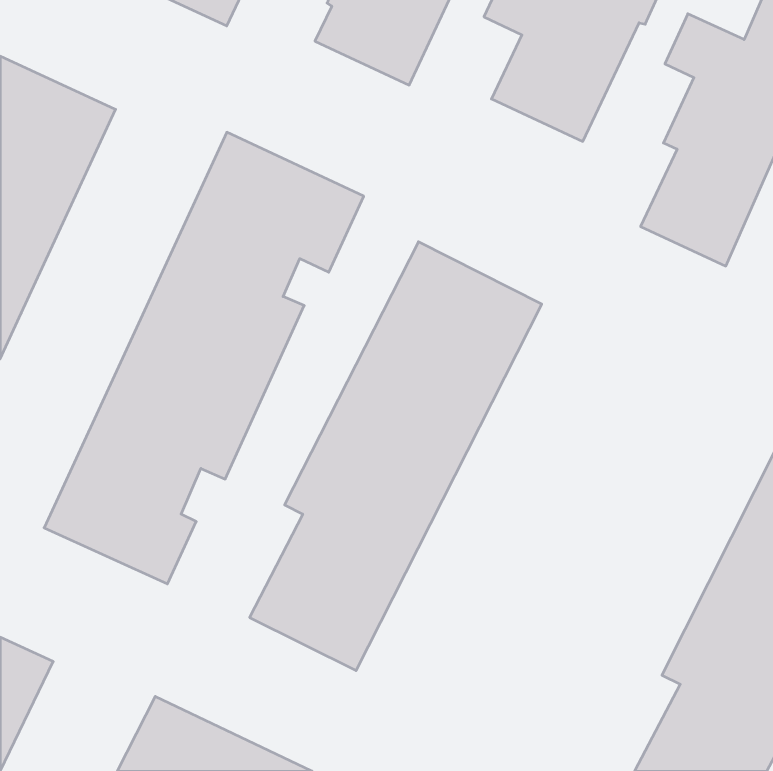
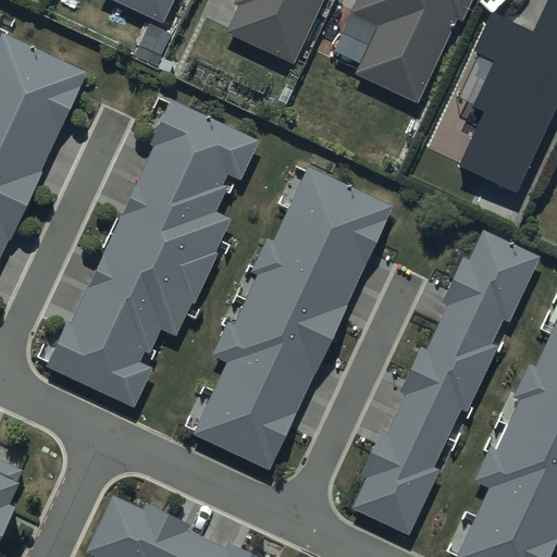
building: none -> [342,227,548,546]

